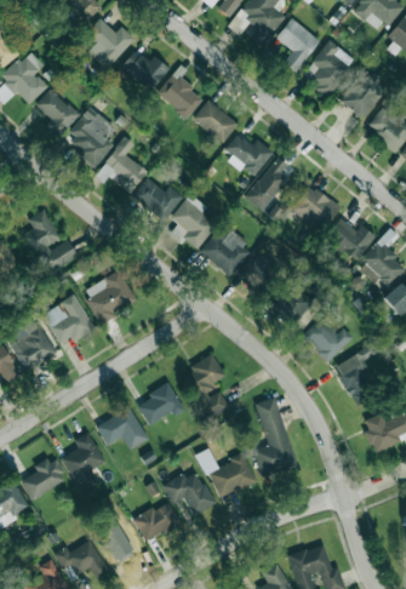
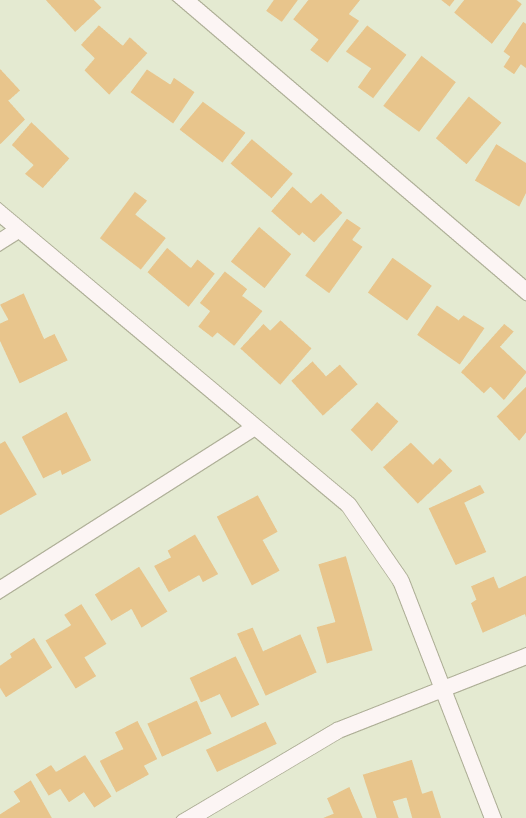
building: [70,107,115,166] -> none
building: none -> [230,226,292,289]
building: [82,270,136,325] -> none
building: none -> [205,721,278,773]

